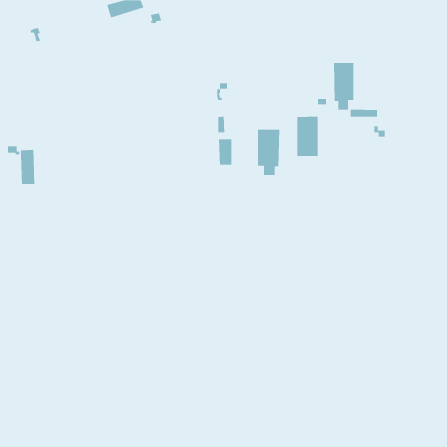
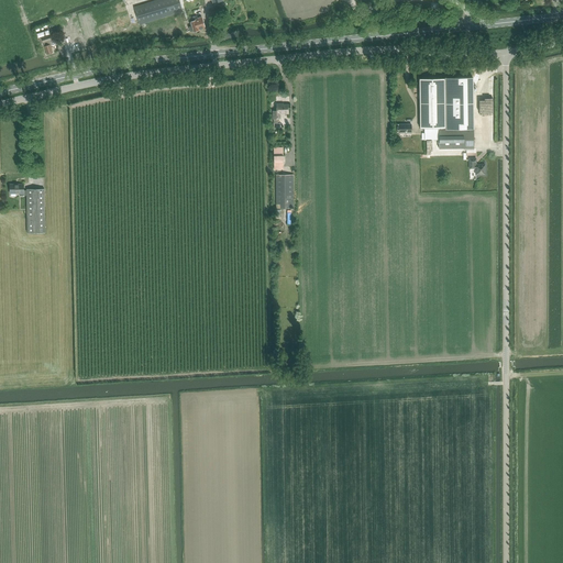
building: [296,116,319,157] -> [443,76,472,128]
building: [257,129,280,176] -> none

